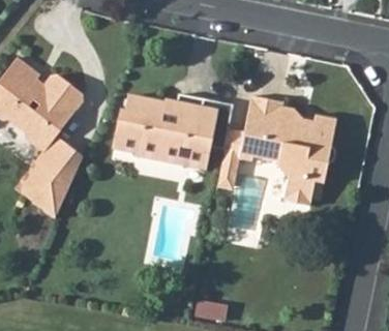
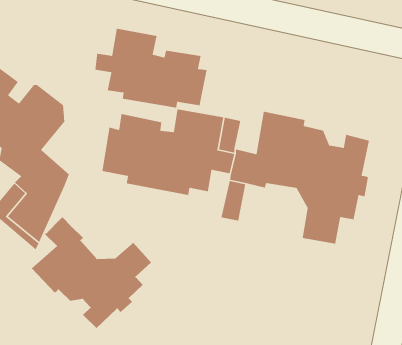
building: none -> [95,28,207,108]
building: none -> [31,217,152,329]

